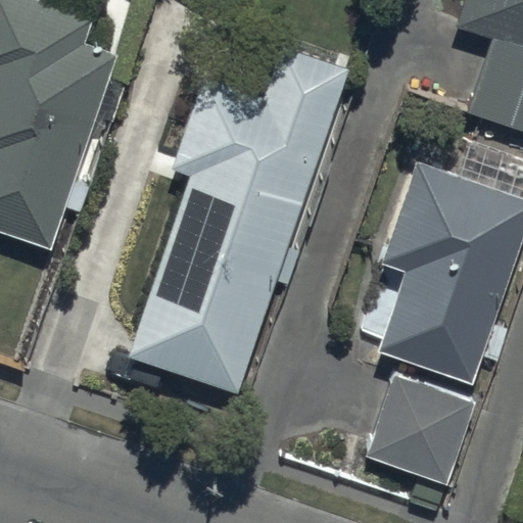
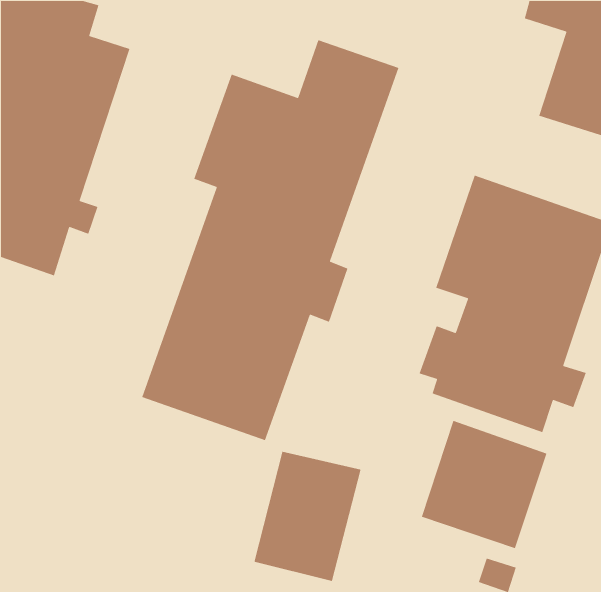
building: none -> [254,451,361,582]

